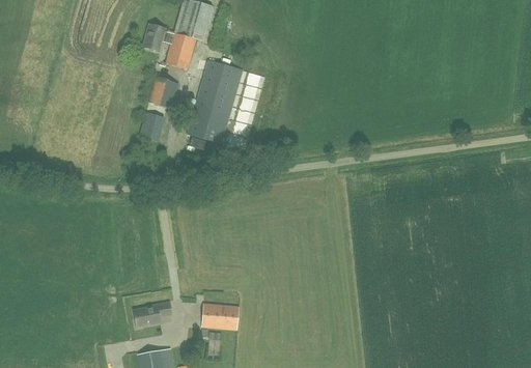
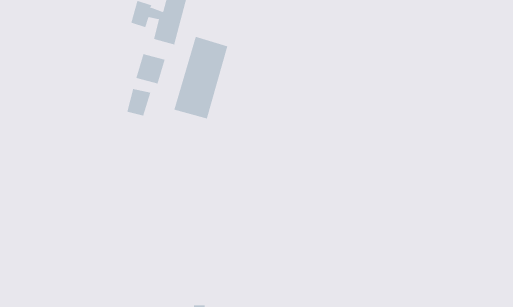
building: [133,303,171,327] -> none
building: [201,304,239,330] -> none

